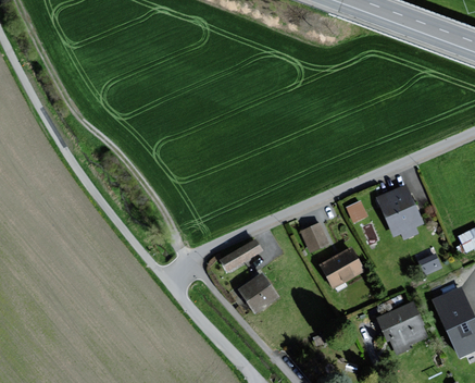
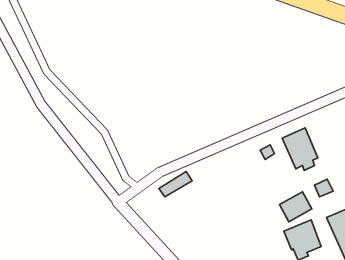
building: [301,222,328,250] -> none
building: [322,247,363,285] -> [279,192,312,222]
building: [239,273,278,312] -> none

